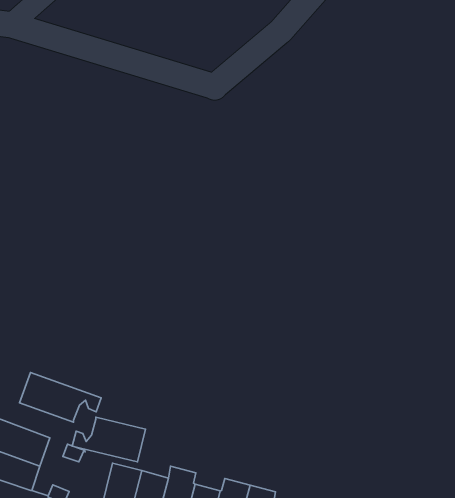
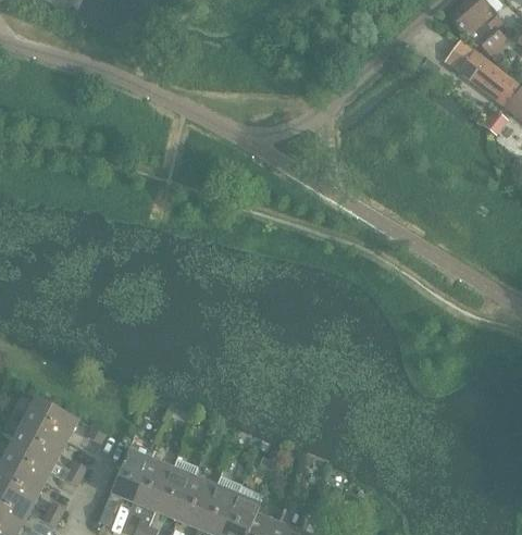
building: [19,372,101,422] -> none
building: [72,417,145,462] -> none

